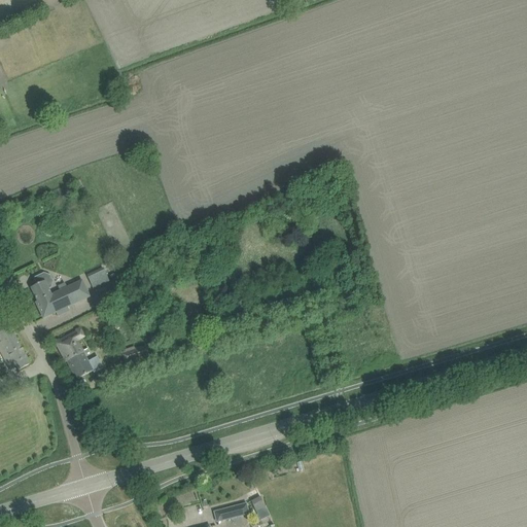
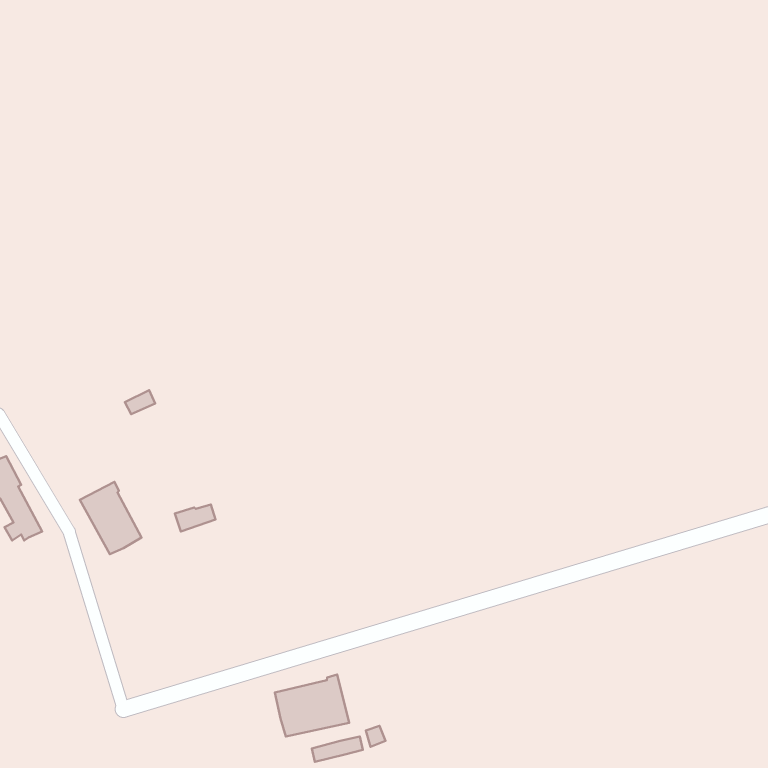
building: [30,273,89,318] -> none
building: none -> [275,675,349,737]

